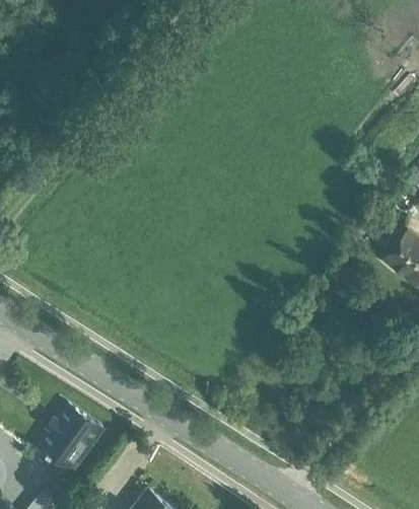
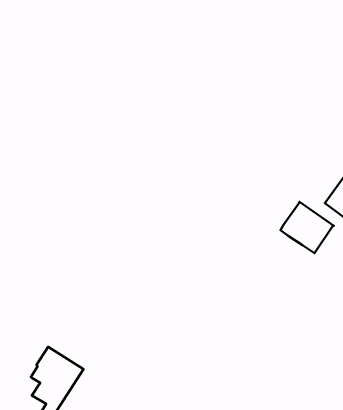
building: none -> [281,202,334,253]

